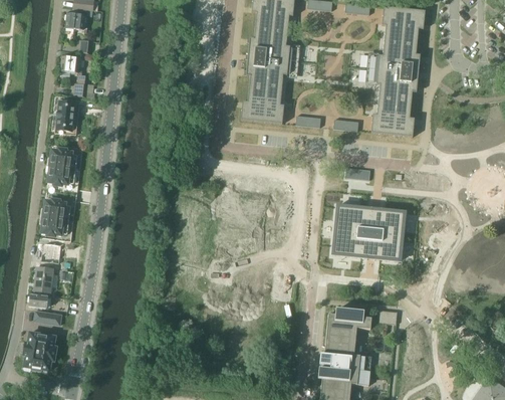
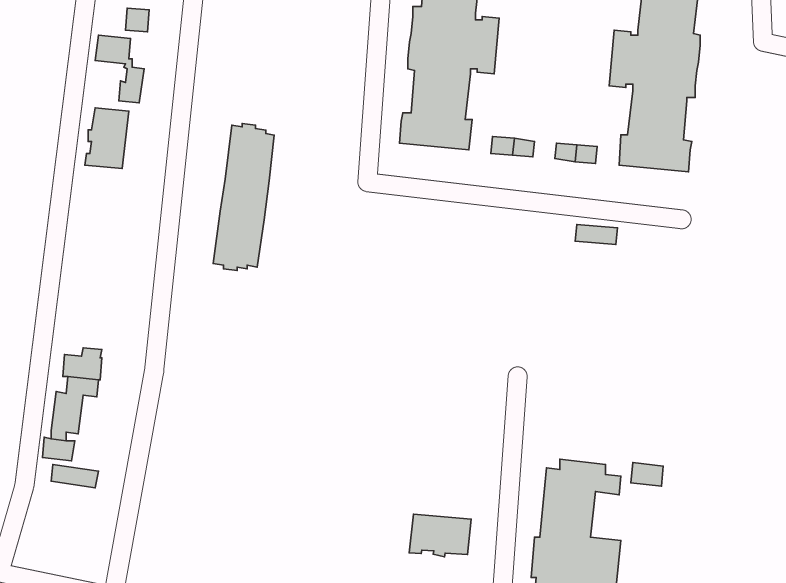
building: [41,149,77,236] -> [213,123,274,270]
building: [332,206,405,261] -> none
building: [23,332,56,371] -> none
building: none -> [409,514,471,557]

